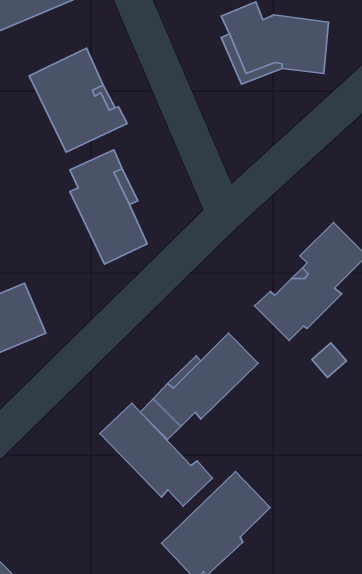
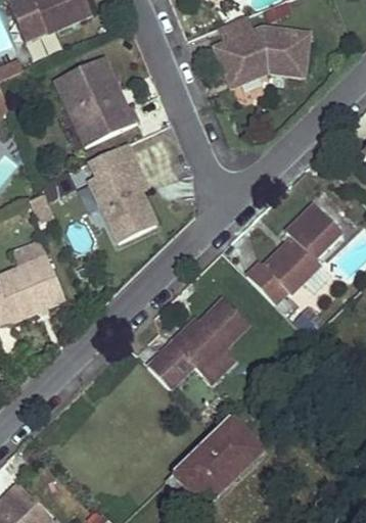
building: [100,403,213,506] -> none

